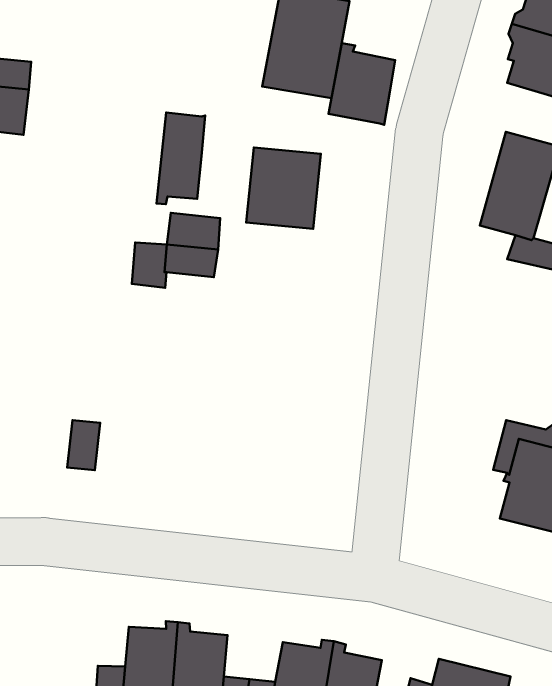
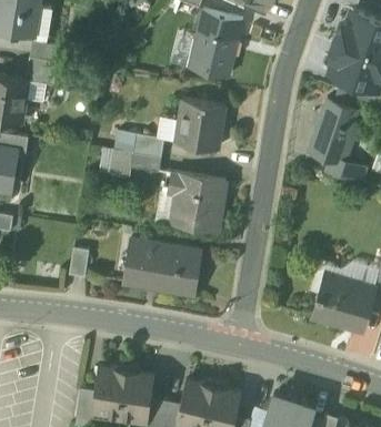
building: [329,43,395,125] -> none
building: [156,112,205,204] -> none
building: none -> [169,173,223,231]
building: none -> [122,242,199,296]

